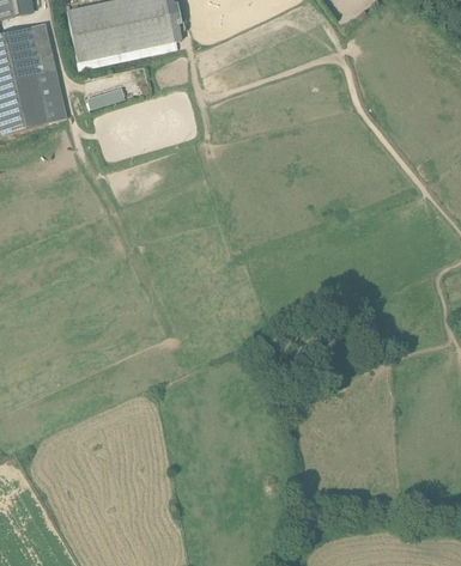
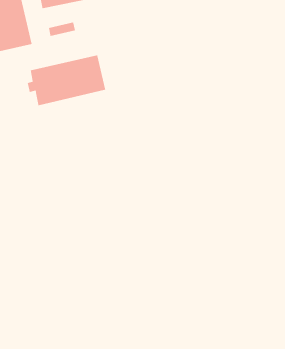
building: none -> [27,54,106,106]

